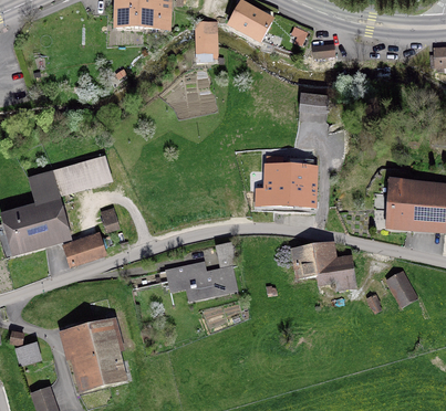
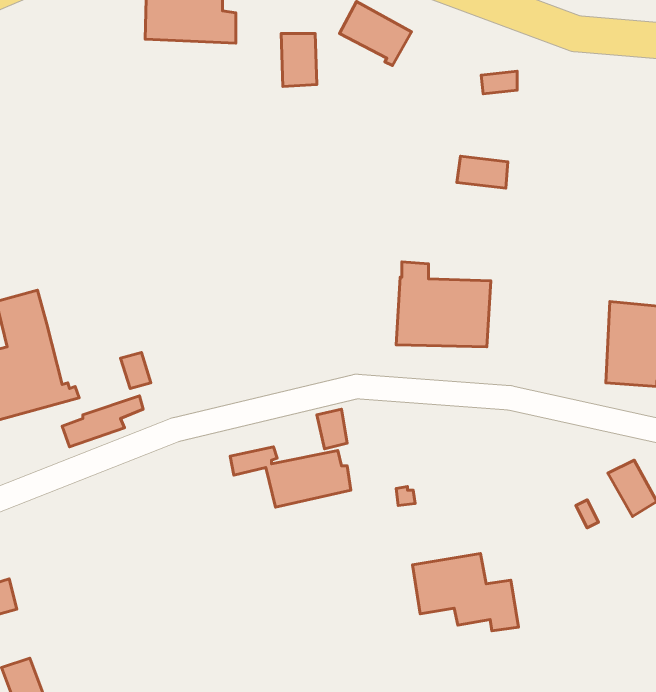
building: [52,158,107,192] -> none
building: [291,242,353,287] -> [413,554,518,631]
building: [66,322,123,389] -> none

